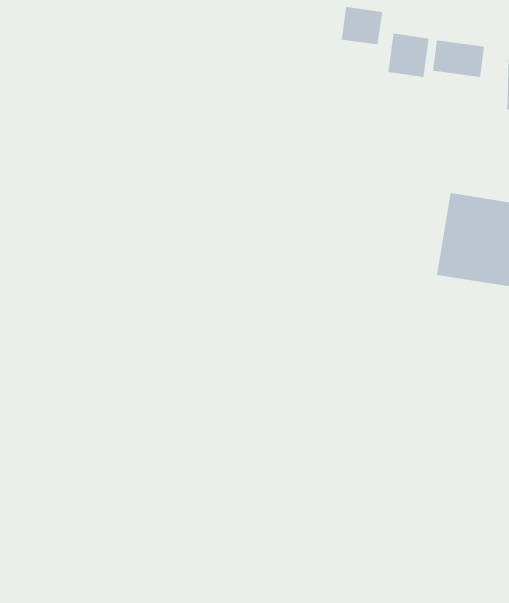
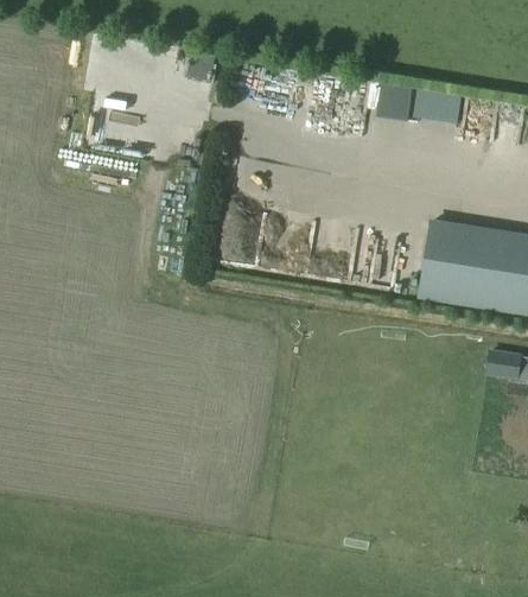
building: [341,6,383,45] -> none

